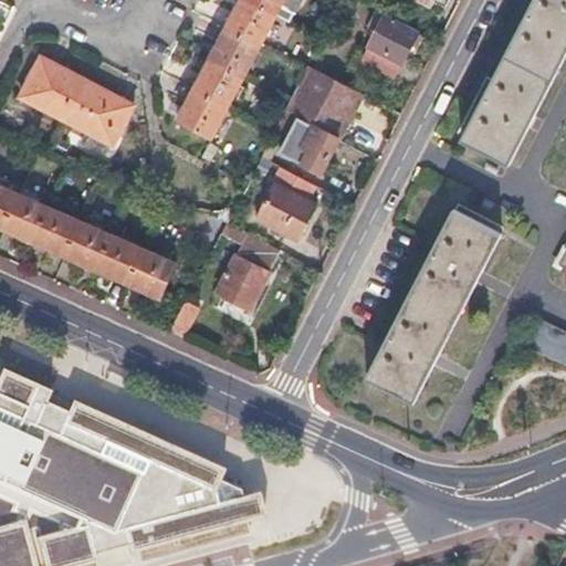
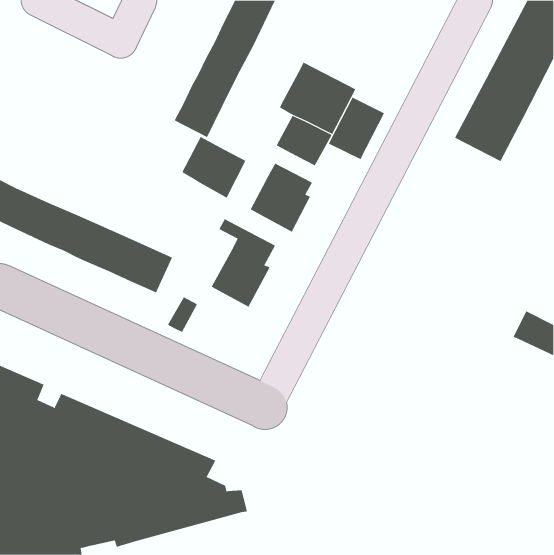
building: [360,12,418,76] -> [328,97,385,160]
building: [17,59,129,147] -> none
building: none -> [181,136,246,199]
building: [366,210,499,402] -> none

